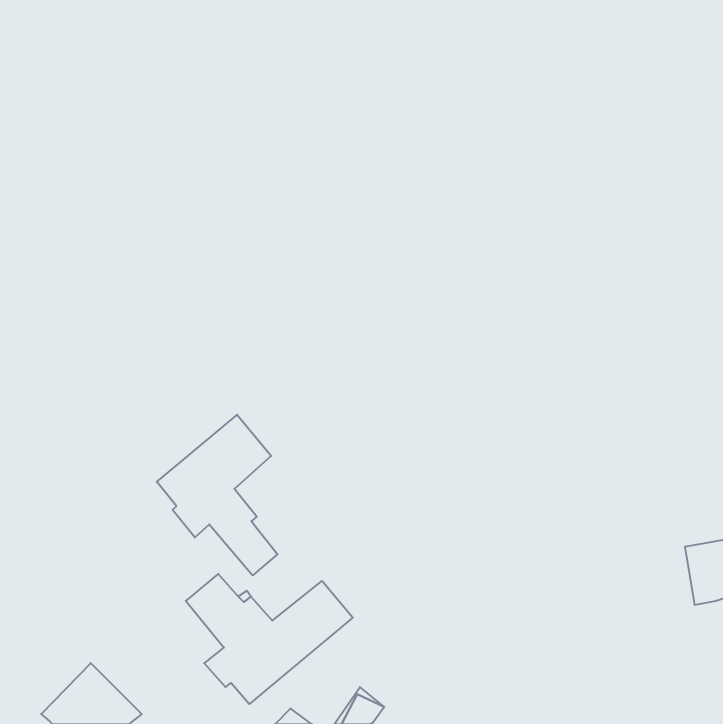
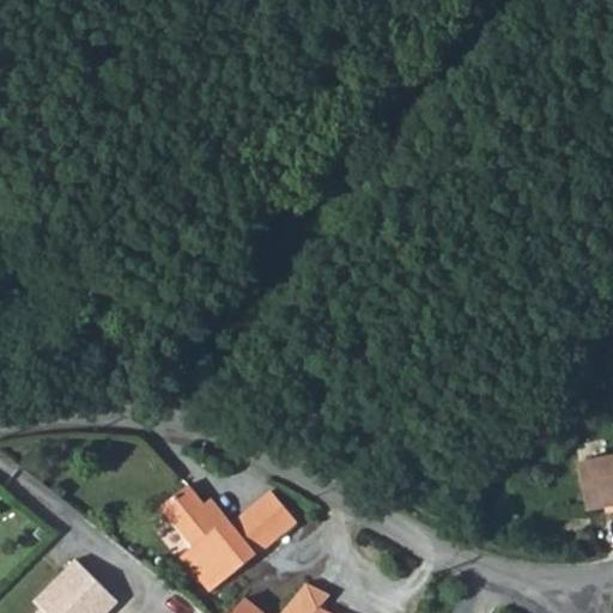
building: [157,415,278,575] -> none

